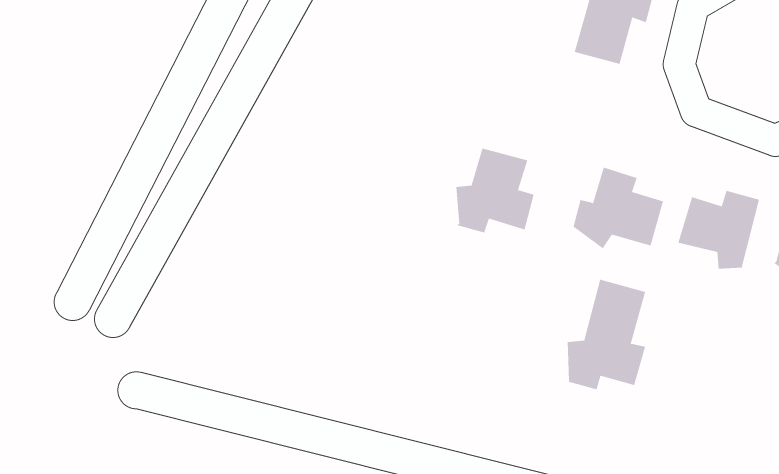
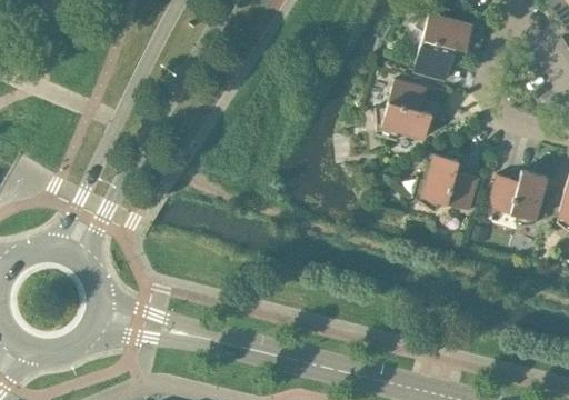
building: [455,148,534,233] -> [376,80,432,141]
building: [567,279,646,390] -> none

